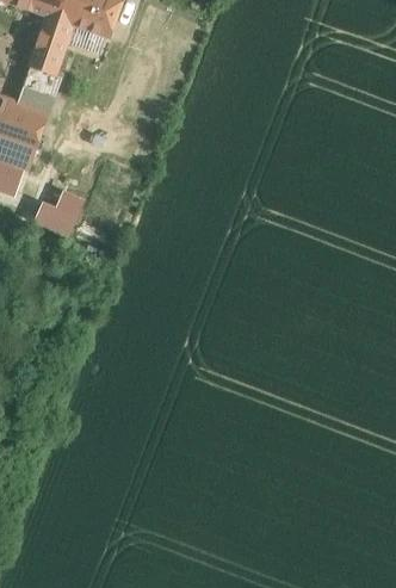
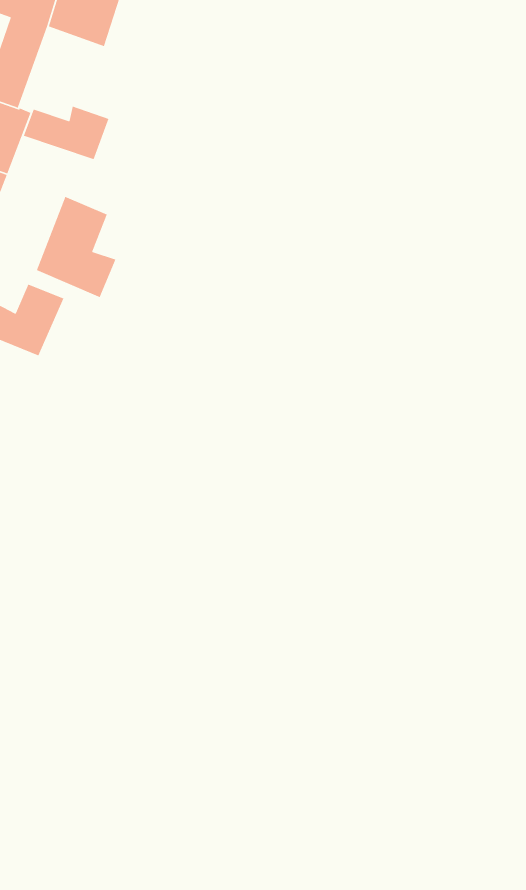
building: none -> [23,105,110,160]
building: none -> [36,196,116,298]

